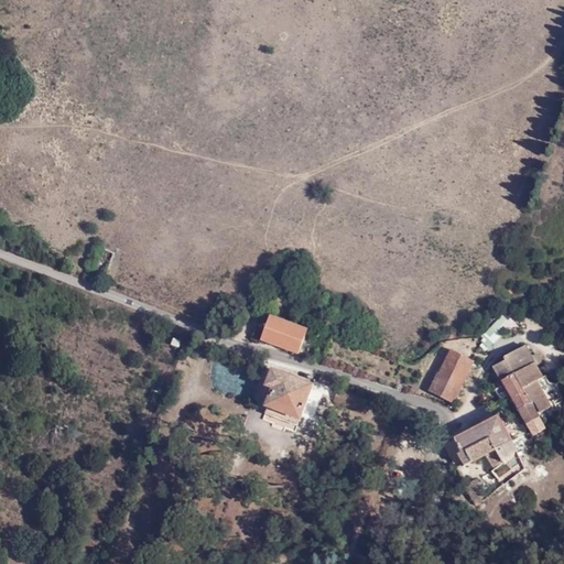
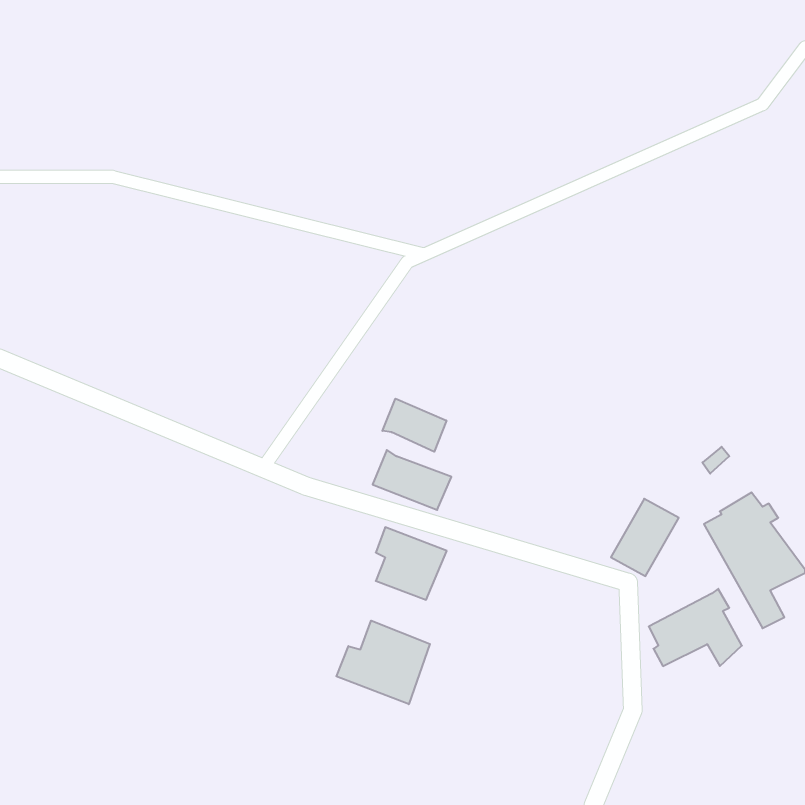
building: none -> [382,399,446,452]
building: none -> [336,621,430,704]

